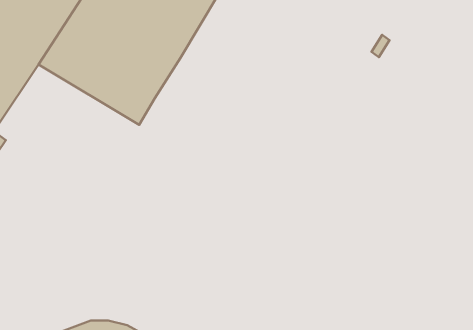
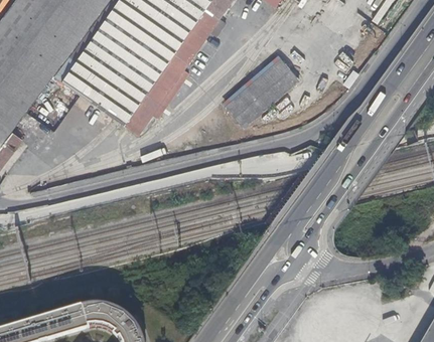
building: none -> [227,57,300,126]

